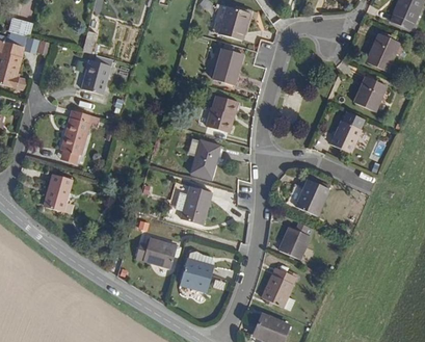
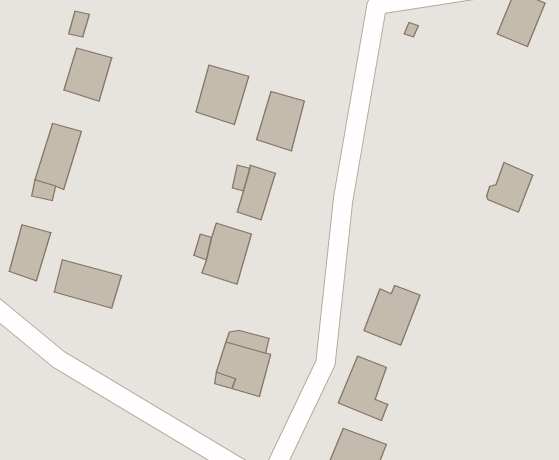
building: [208,45,242,83] -> [196,65,249,125]
building: [350,72,381,107] -> none
building: [327,120,357,152] -> [486,162,533,212]
building: [295,179,327,215] -> none
building: [135,235,179,266] -> [54,260,122,308]

